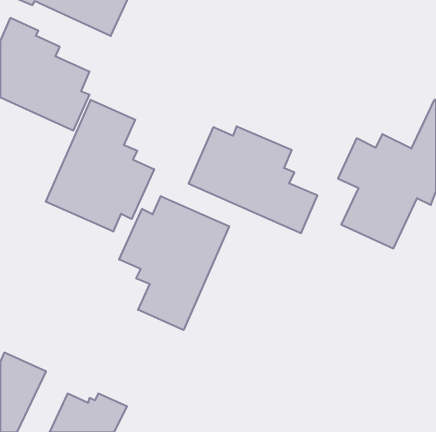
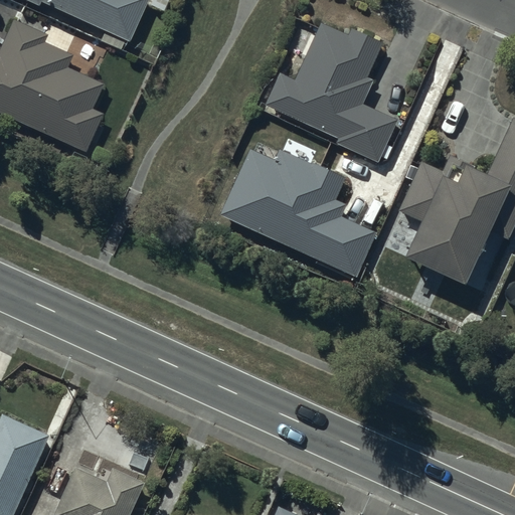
building: none -> [266,24,402,165]
building: [46,100,154,232] -> none
building: [119,196,229,330] -> none

